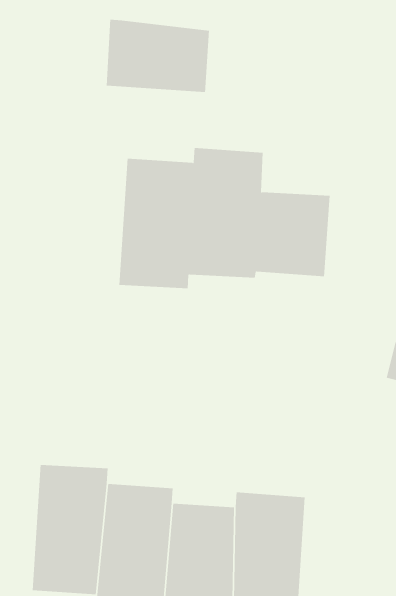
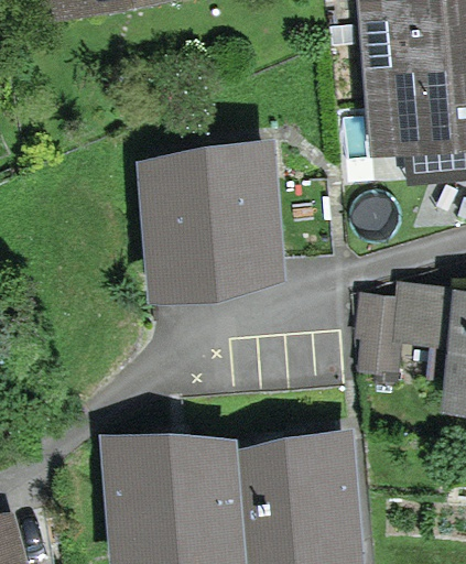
building: [106,19,209,93] -> none

